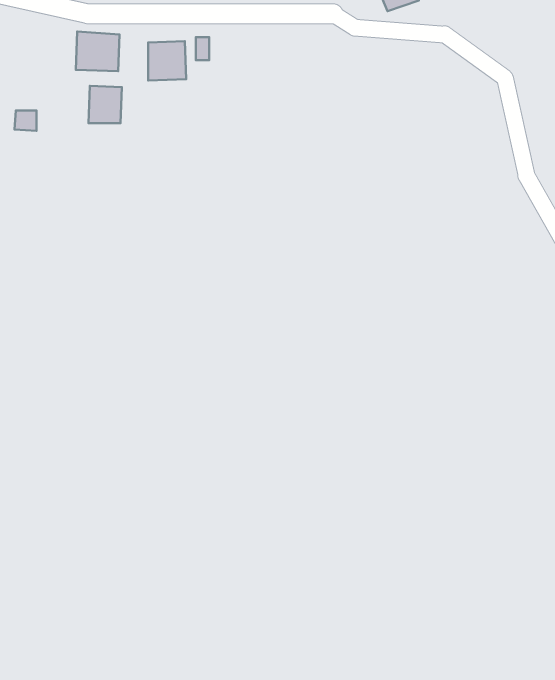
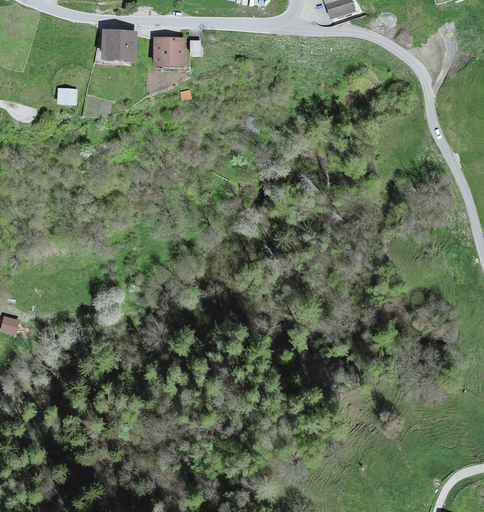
building: [89,86,122,123] -> none

